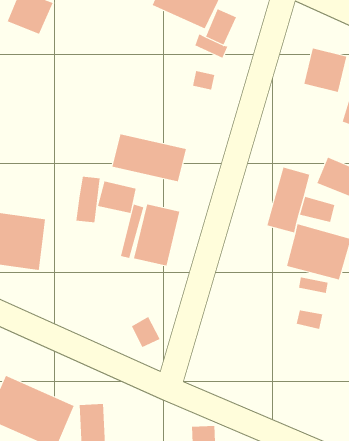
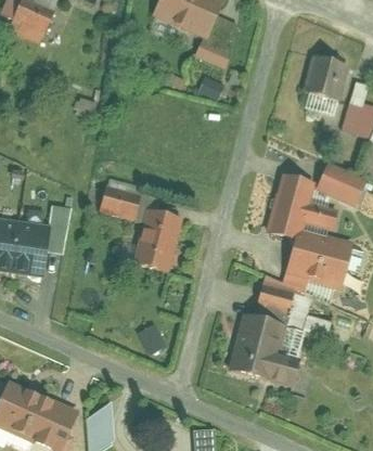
building: [112,134,186,182] -> none
building: [76,176,101,223] -> [46,205,70,252]
building: none -> [256,282,295,314]
building: none -> [228,312,300,384]

